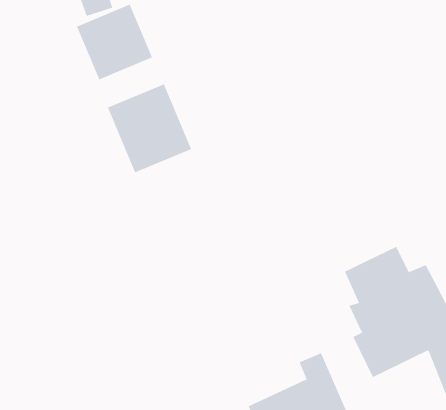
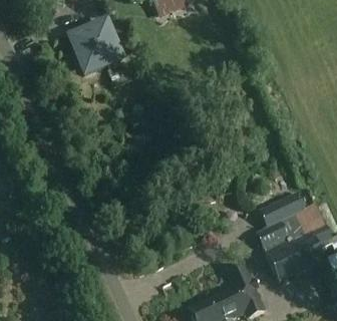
building: [107,83,192,173] -> none

